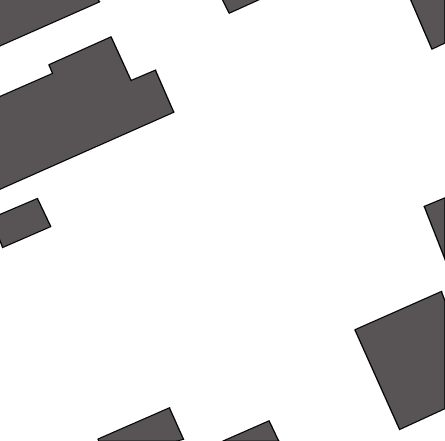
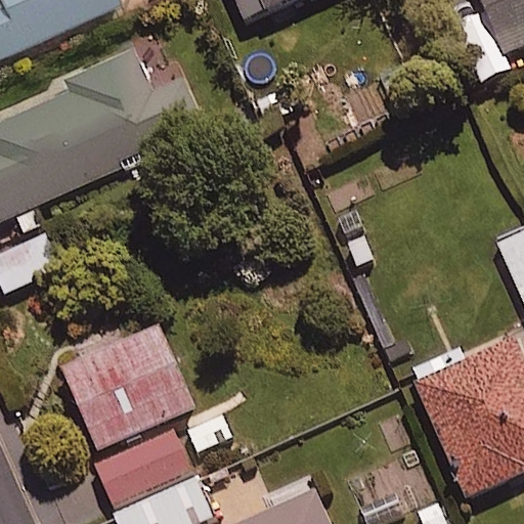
building: none -> [62,330,195,455]
building: none -> [95,429,191,503]

